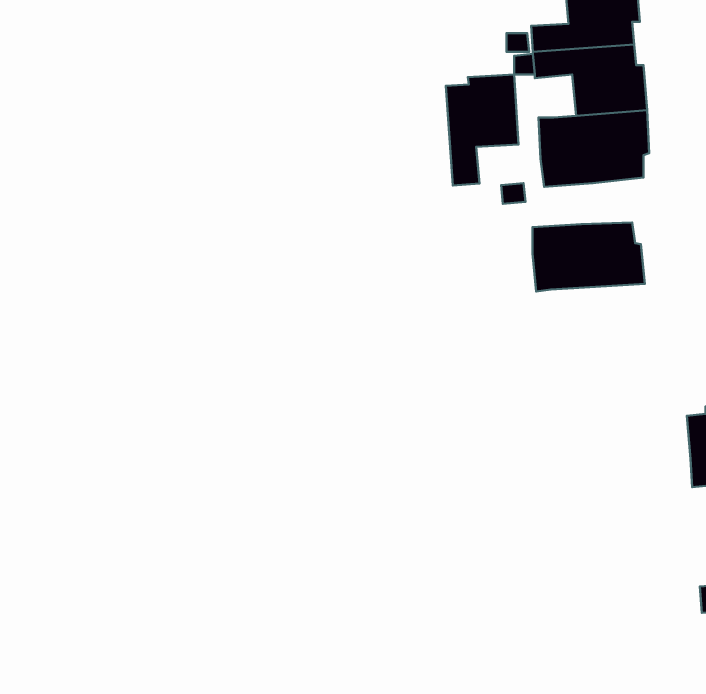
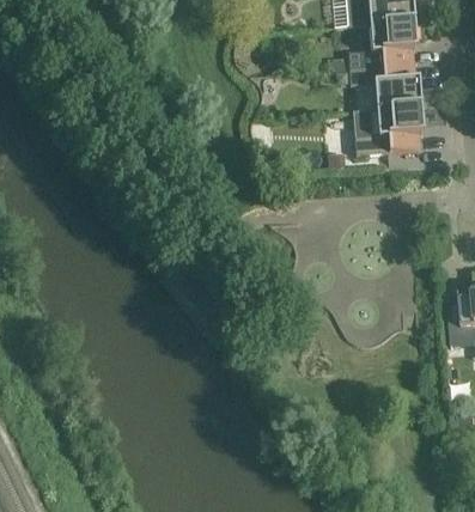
building: [446,74,519,185] -> none
building: [532,223,645,291] -> none

